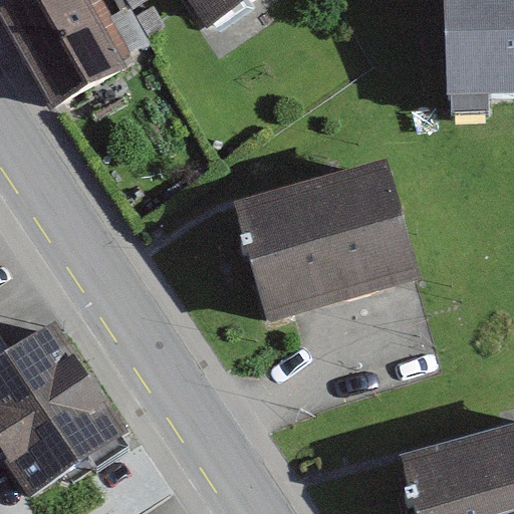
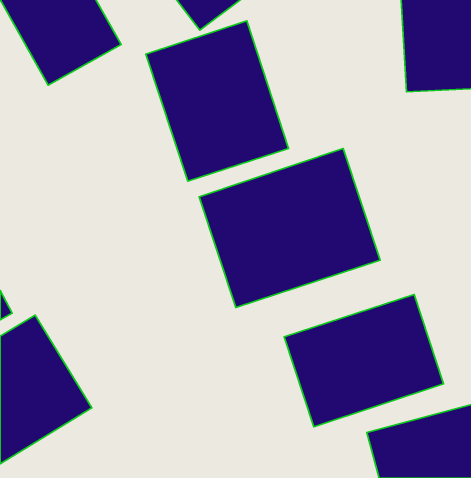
building: none -> [146,21,288,181]
building: none -> [284,294,444,427]

